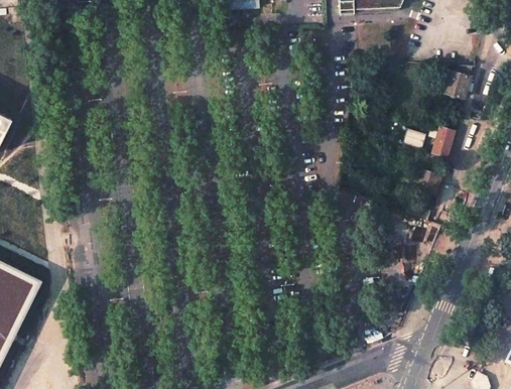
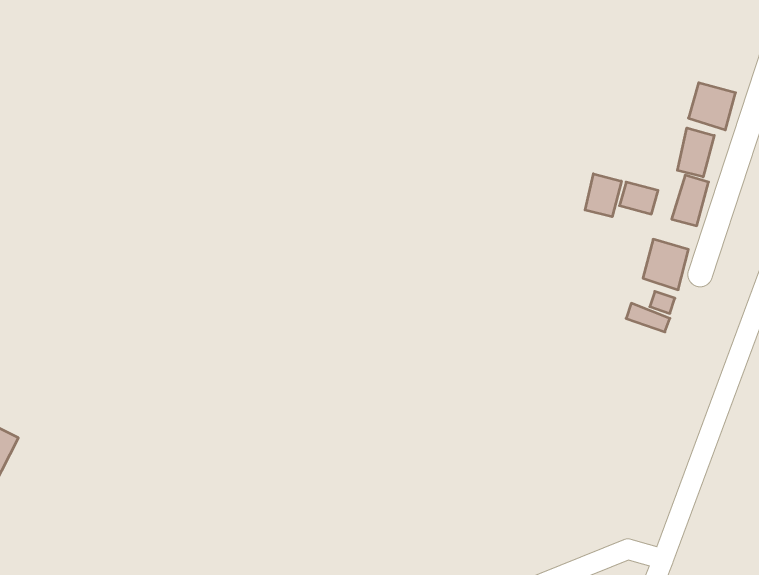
building: none -> [677,128,714,177]
building: none -> [585,174,621,217]

